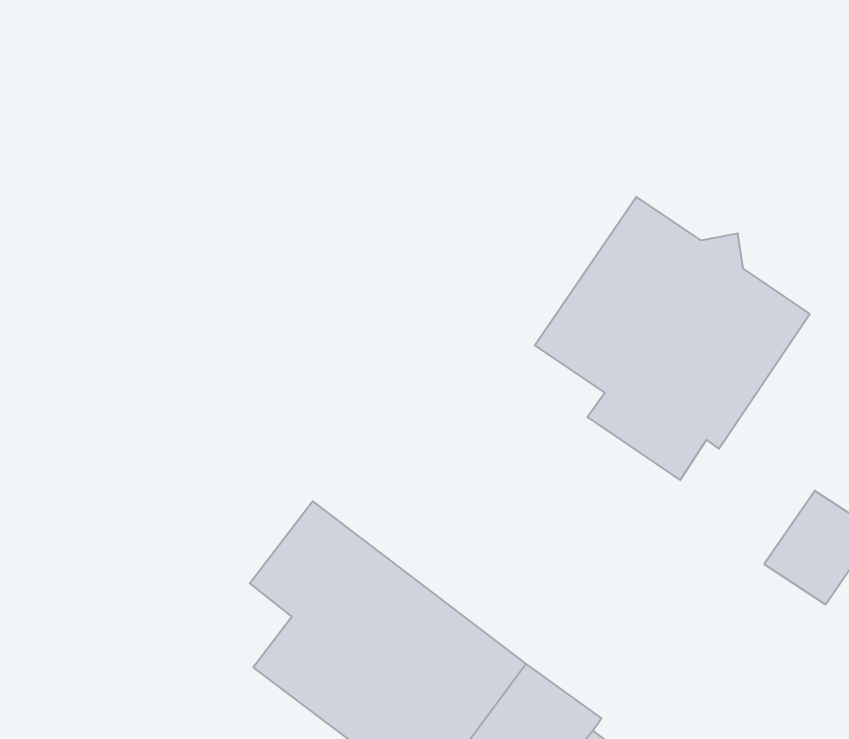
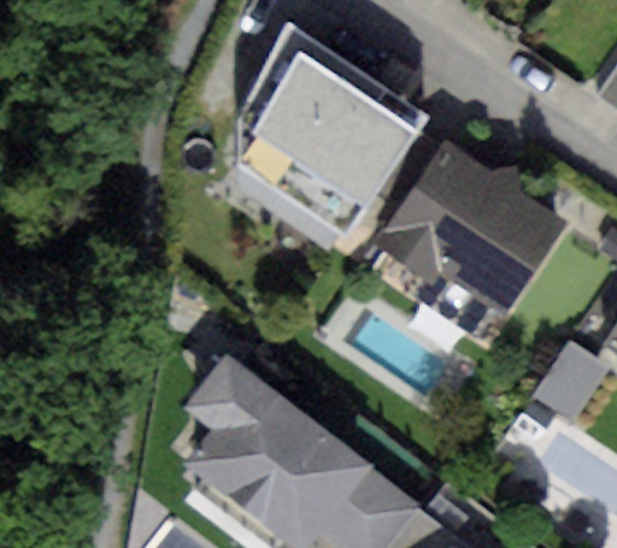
building: none -> [235,22,429,240]

